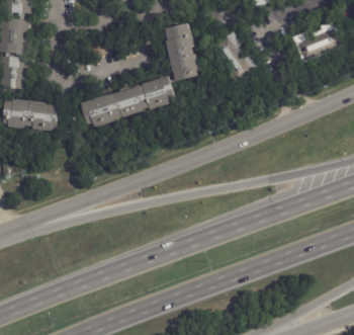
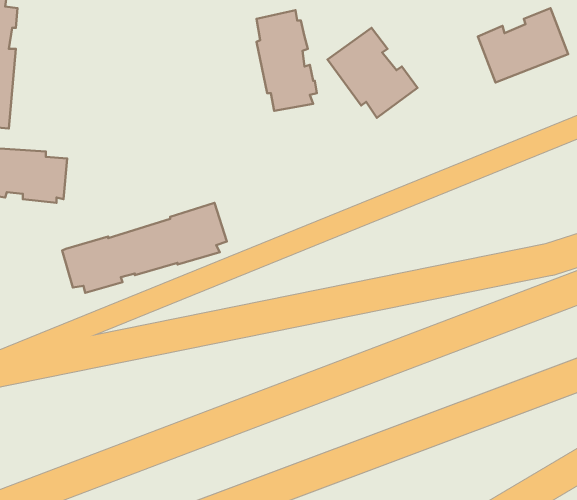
building: [79,76,173,128] -> [62,203,227,293]

